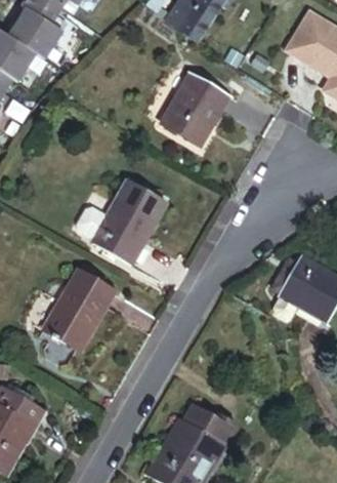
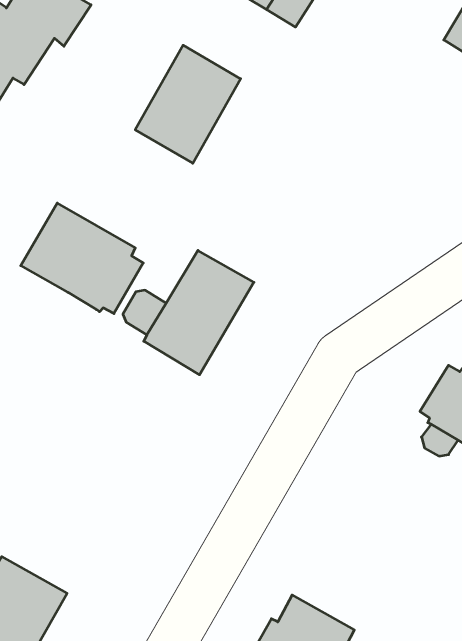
building: [165,73,233,149] -> [135,45,241,163]
building: none -> [21,203,143,314]
building: [46,274,116,353] -> none

